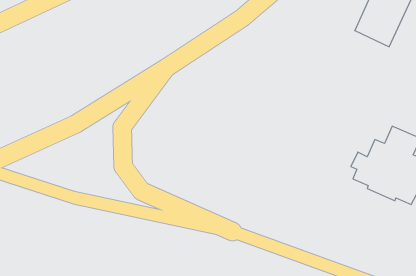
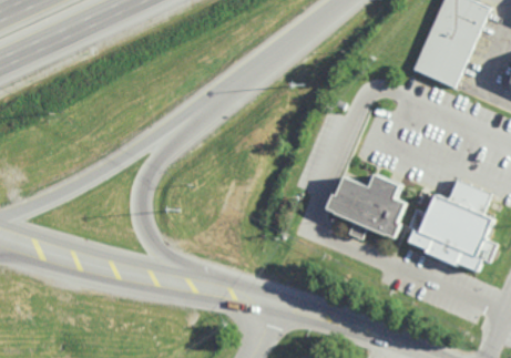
building: none -> [328,174,407,239]

